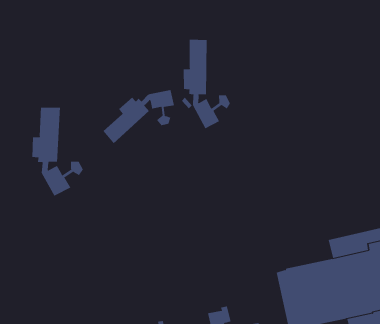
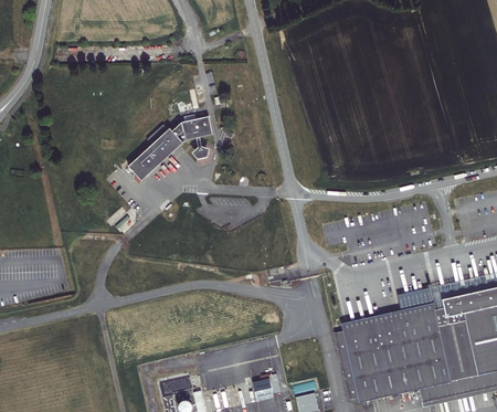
building: [183,39,230,129] -> none
building: [32,107,84,196] -> none

